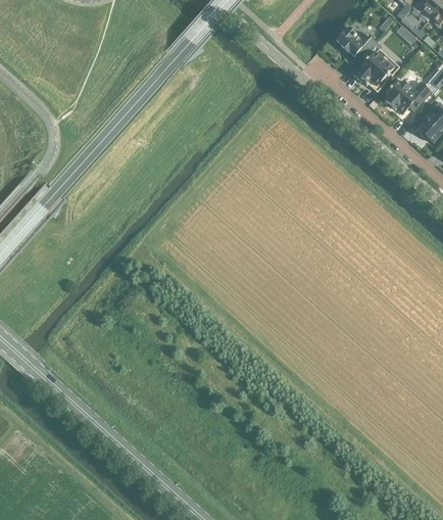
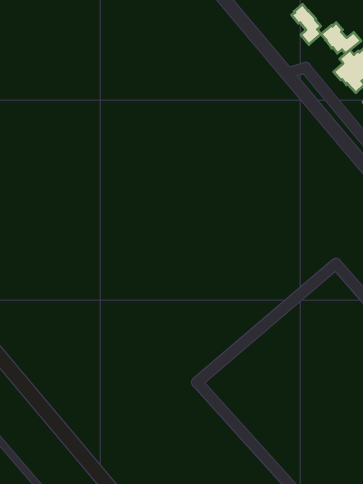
building: none -> [292,4,321,45]

